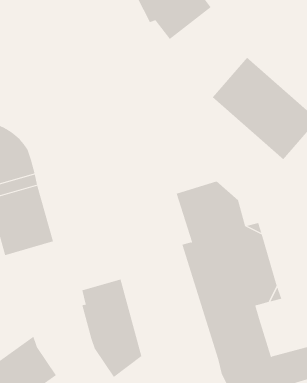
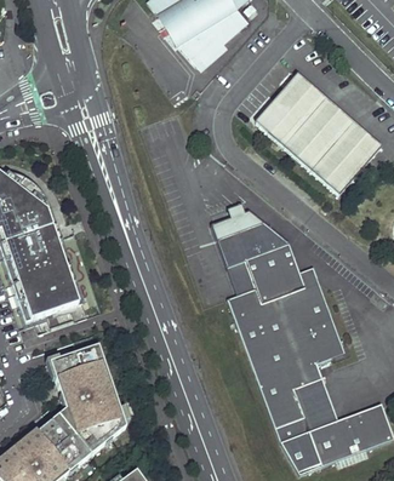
building: [81,279,142,378] -> [50,340,124,454]

